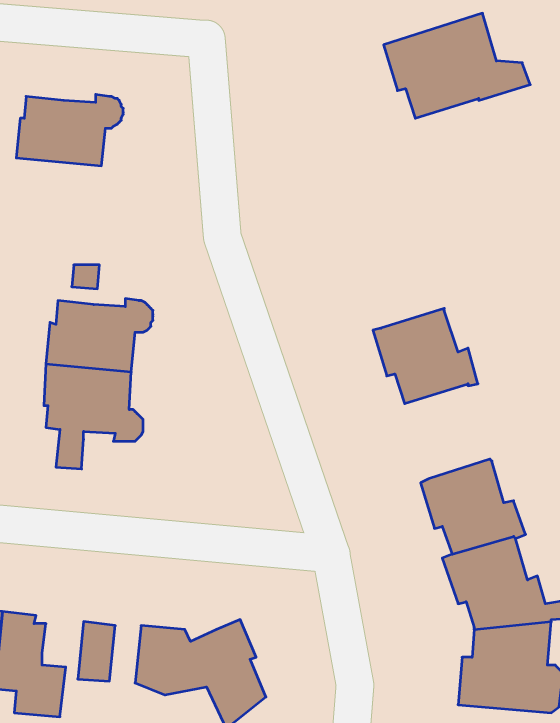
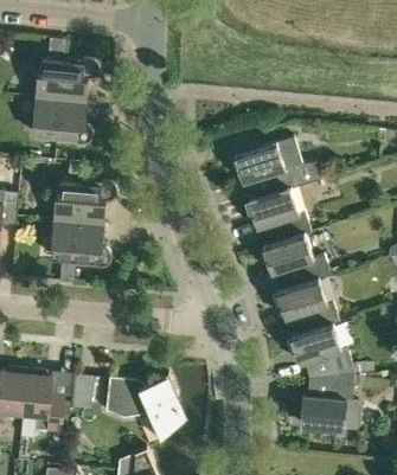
building: [384,13,530,118] -> [233,136,321,199]
building: none -> [32,97,92,145]
building: none -> [262,232,329,289]

